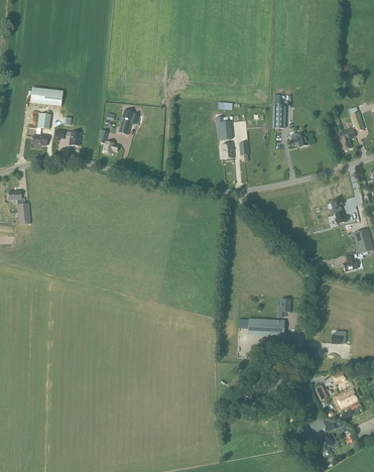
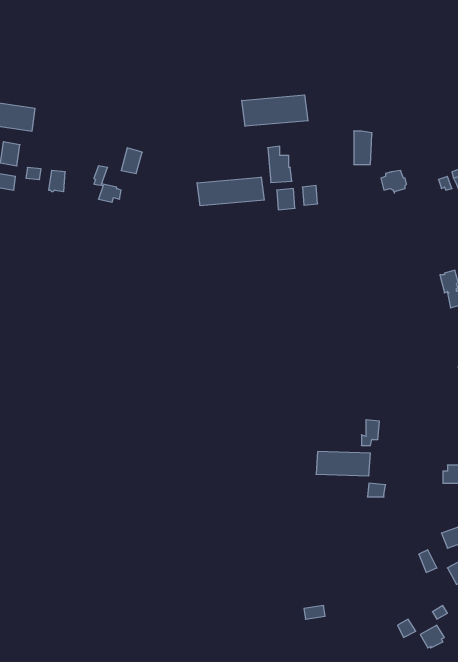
building: none -> [242,95,308,126]
building: none -> [197,177,264,206]

